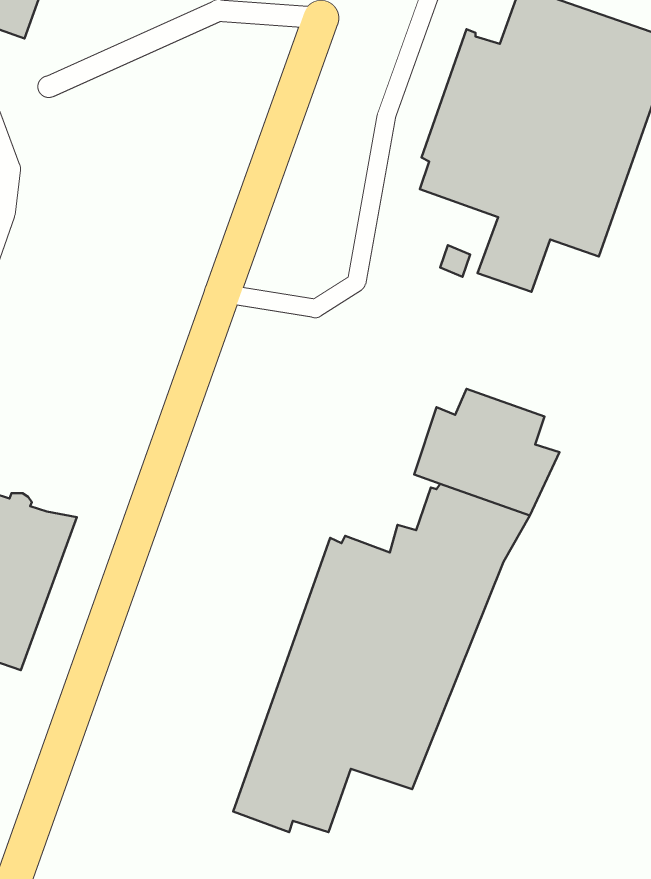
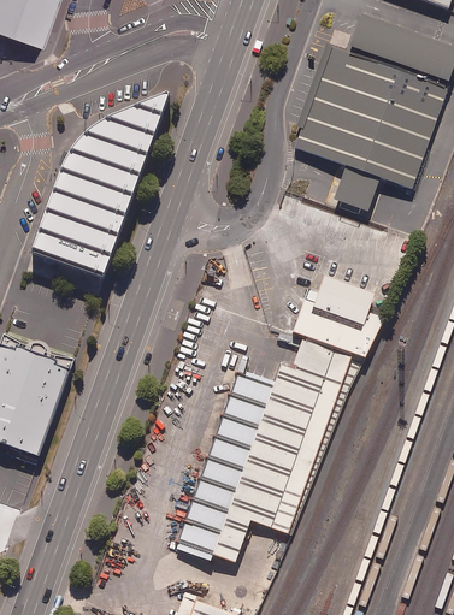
building: none -> [29,95,169,283]

